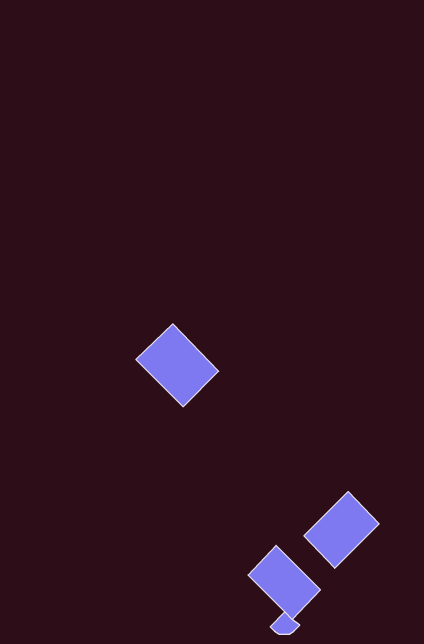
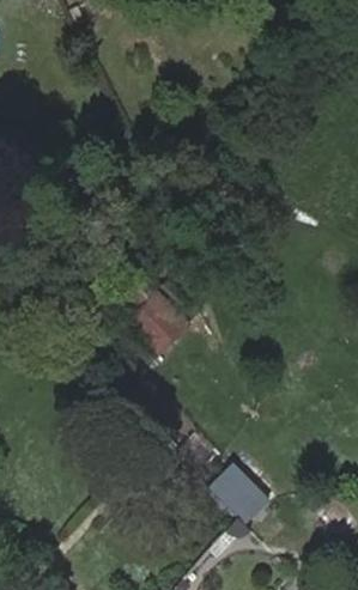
building: [304,492,379,568] -> none

